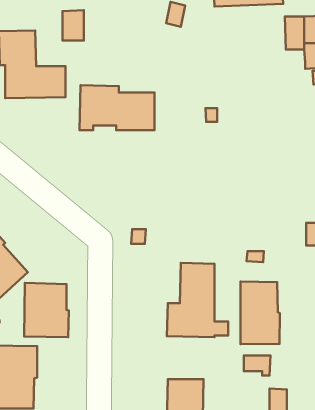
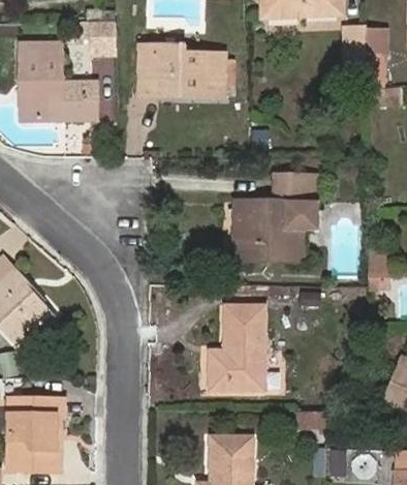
building: [79,85,155,130] -> [138,44,223,95]
building: none -> [234,173,318,261]
building: [240,282,280,344] -> none
building: [24,283,69,337] -> none

